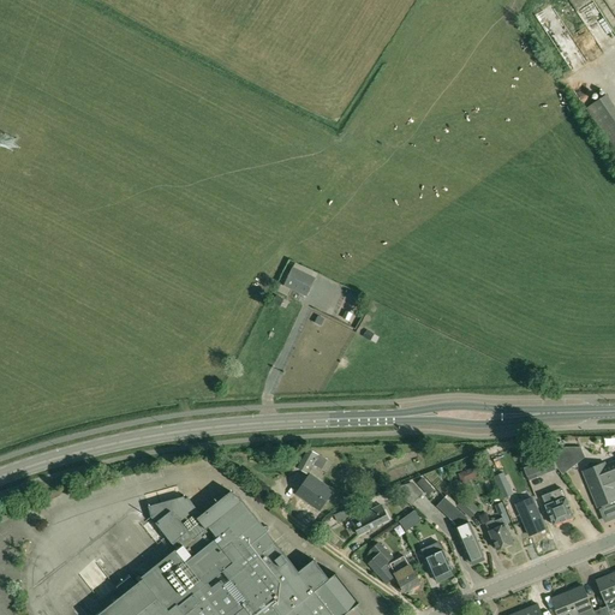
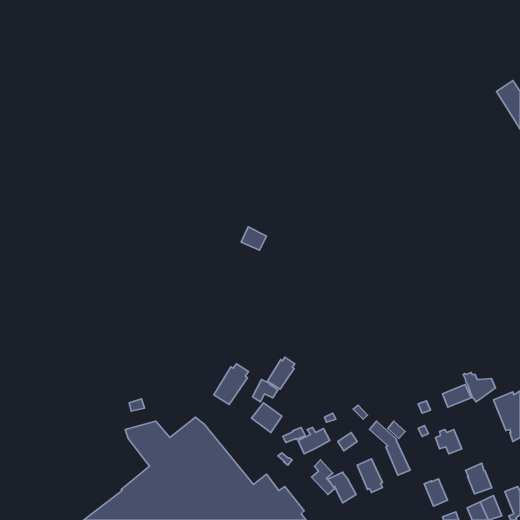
building: none -> [267,357,295,389]
building: none -> [214,364,249,404]
building: [543,489,574,525] -> [465,463,492,494]
building: [485,518,513,550] -> [424,479,448,506]

